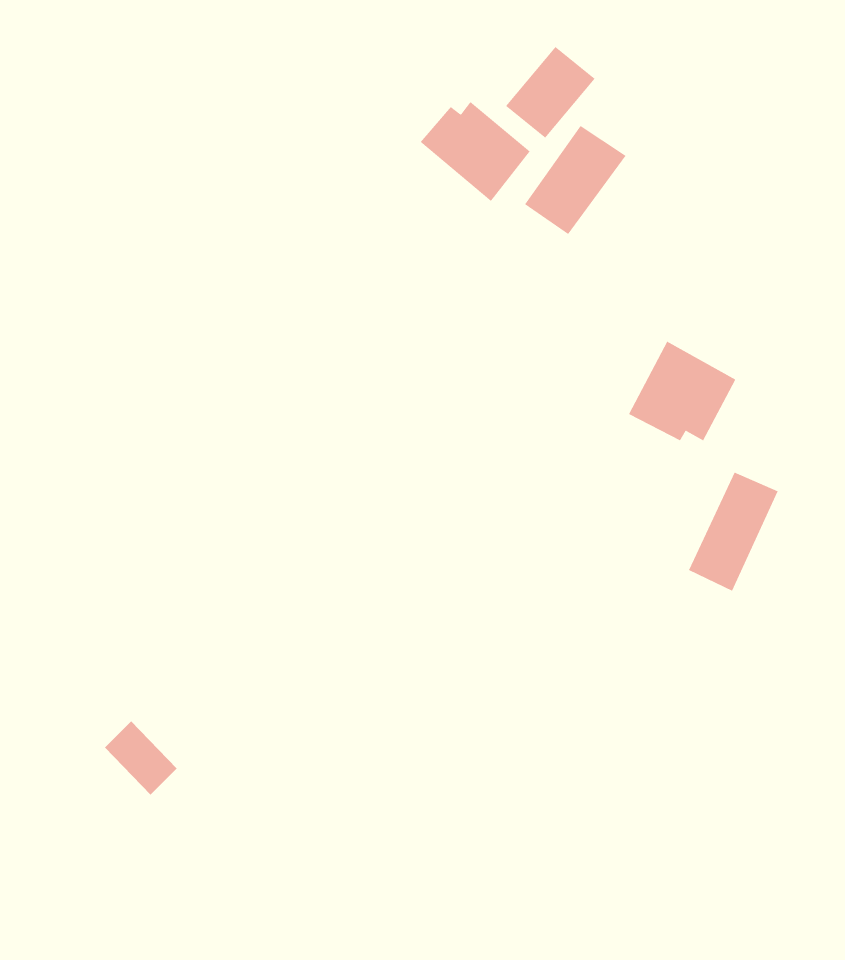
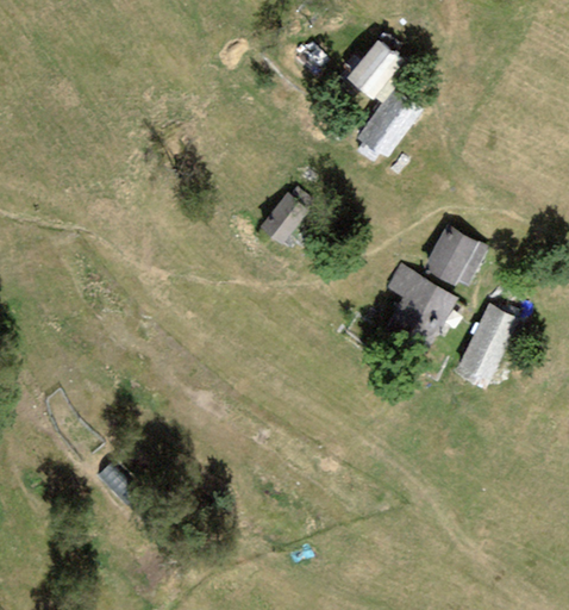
building: [420,101,531,202] -> none
building: none -> [260,194,306,243]
building: none -> [386,262,458,344]

